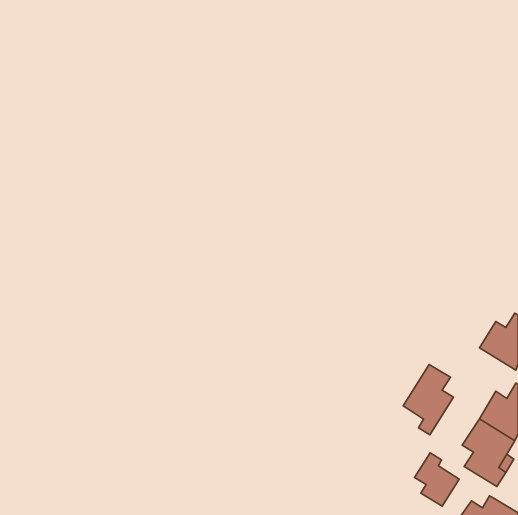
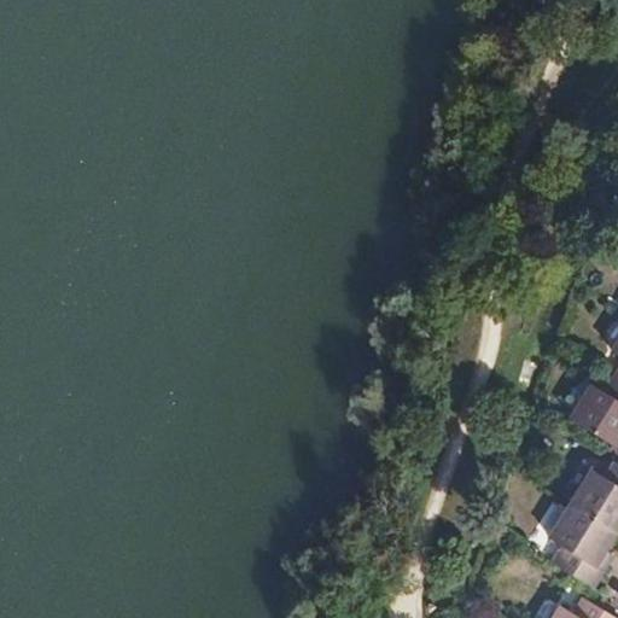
building: [403,365,454,435] -> none
building: [415,453,459,506] -> none

